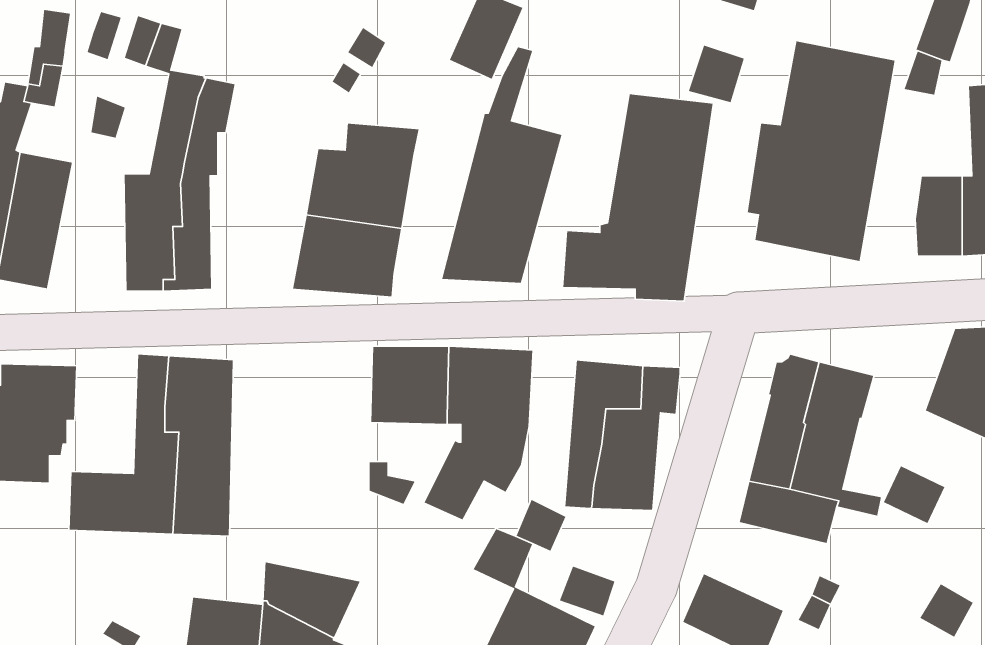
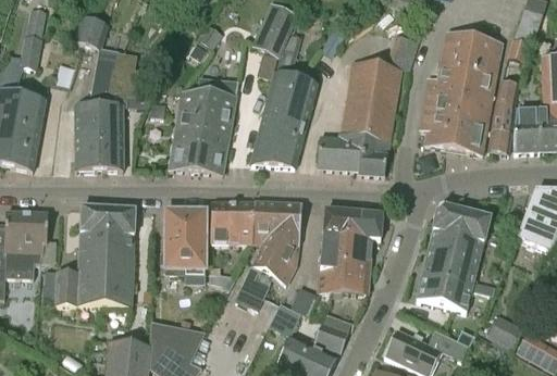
building: none -> [488,82,517,153]
building: none -> [165,201,206,275]
building: [883,465,945,524] -> [487,315,522,348]

